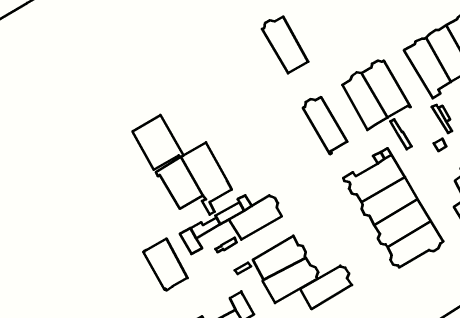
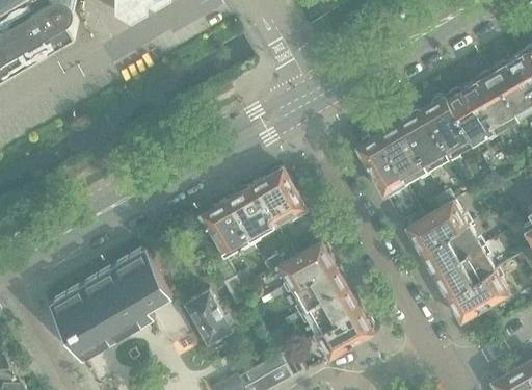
building: [262,17,308,73] -> [376,123,426,184]
building: none -> [445,85,497,147]
building: [133,115,184,170] -> [251,167,307,227]
building: none -> [48,248,171,361]
building: [300,266,352,309] -> [290,265,346,312]

